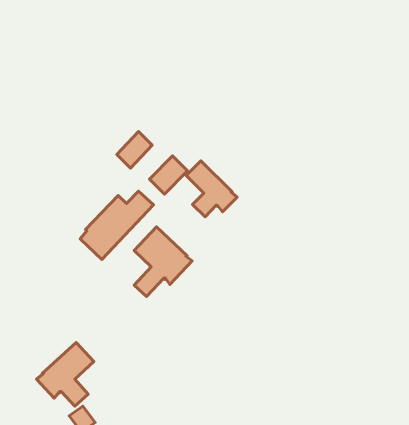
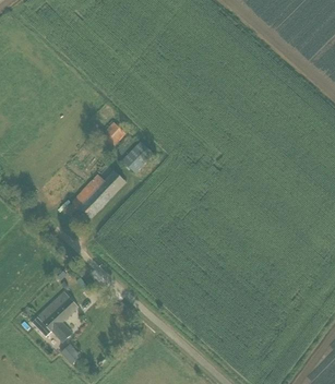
building: [186,161,237,217] -> none
building: [134,227,192,297] -> none

